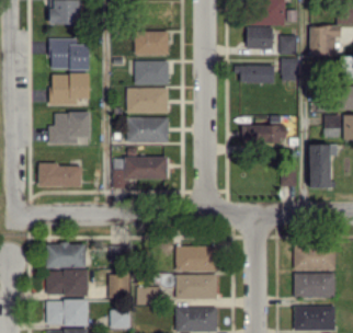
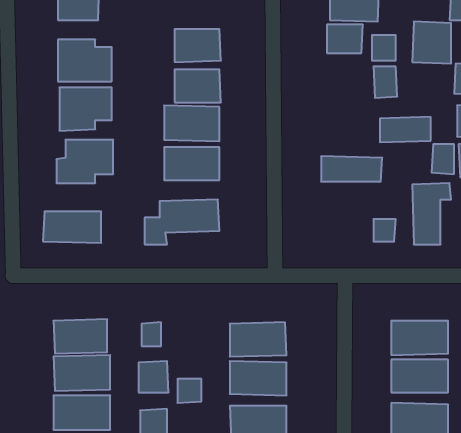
building: [237,65,274,83] -> [380,117,431,142]

